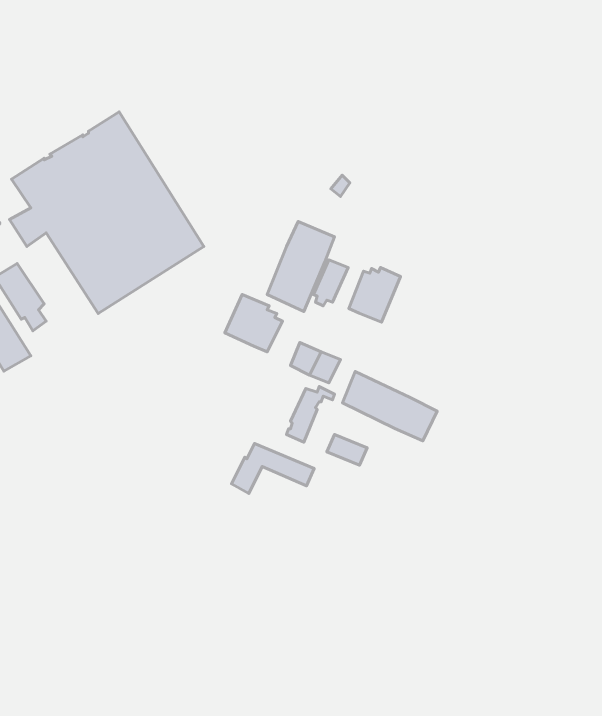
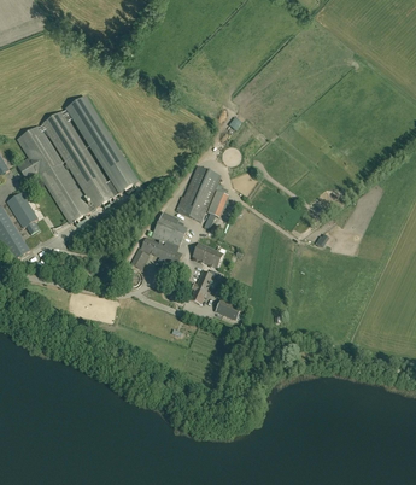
building: [349,267,401,322] -> none
building: [342,372,437,441] -> none
building: [231,444,314,494] -> [131,239,183,270]

